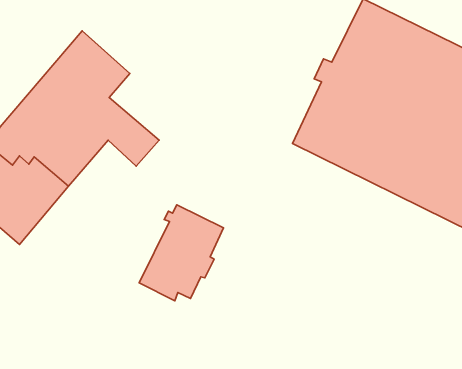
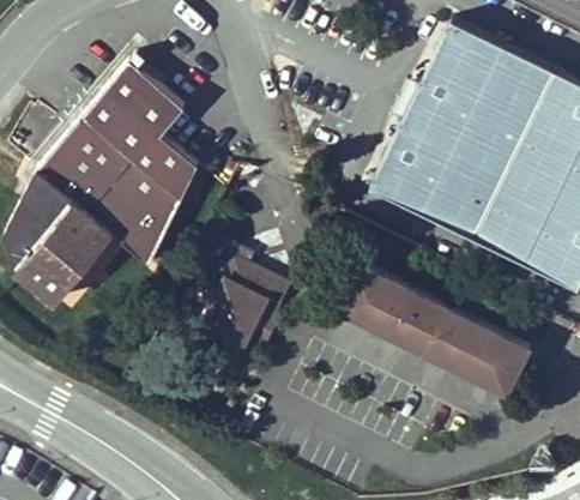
building: none -> [113,187,191,269]
building: none -> [340,267,534,397]

